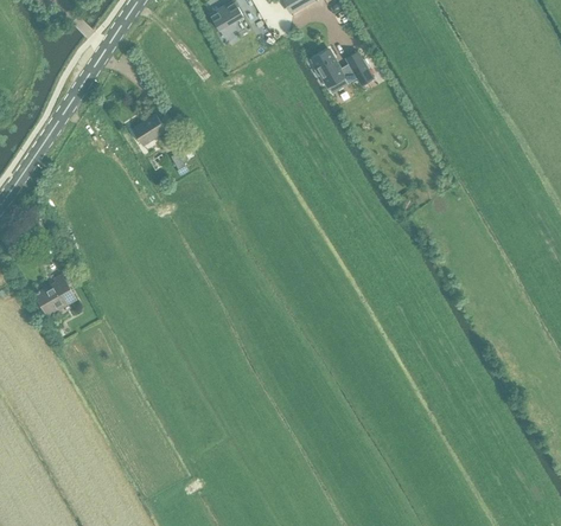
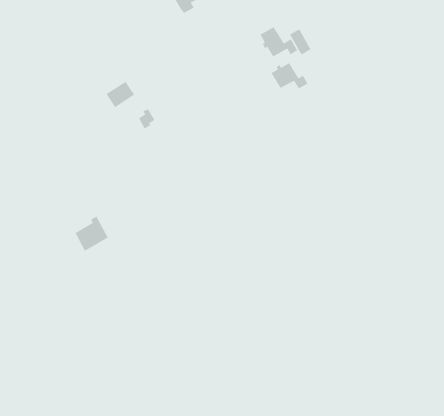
building: none -> [271,62,308,89]
building: [36,272,76,315] -> [74,215,109,252]

